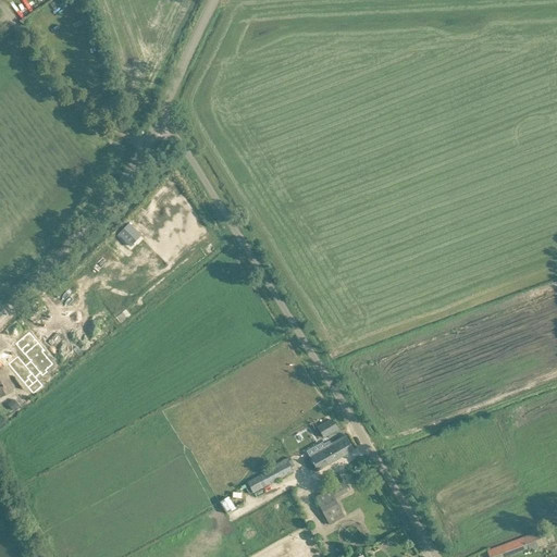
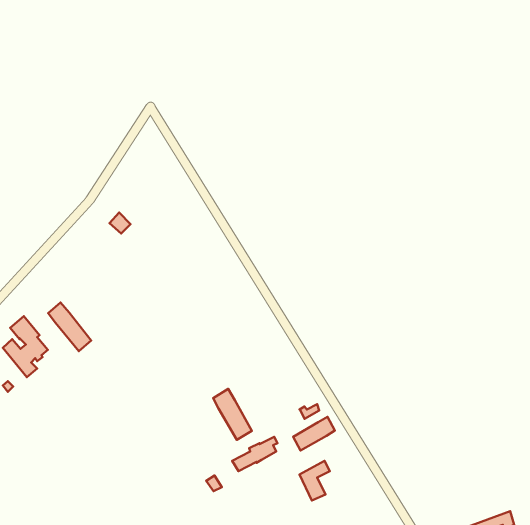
building: none -> [48,302,91,351]
building: none -> [213,389,252,440]

